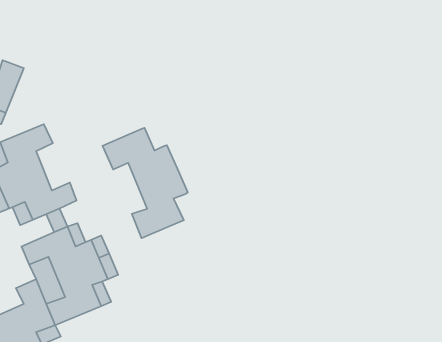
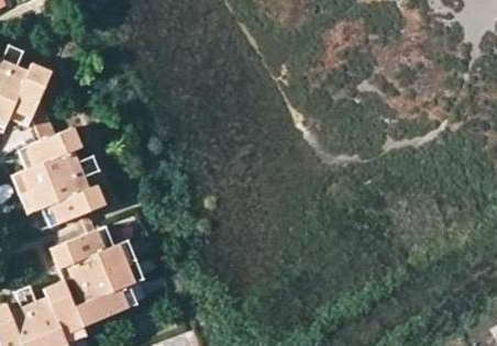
building: [102,128,188,238] -> none

